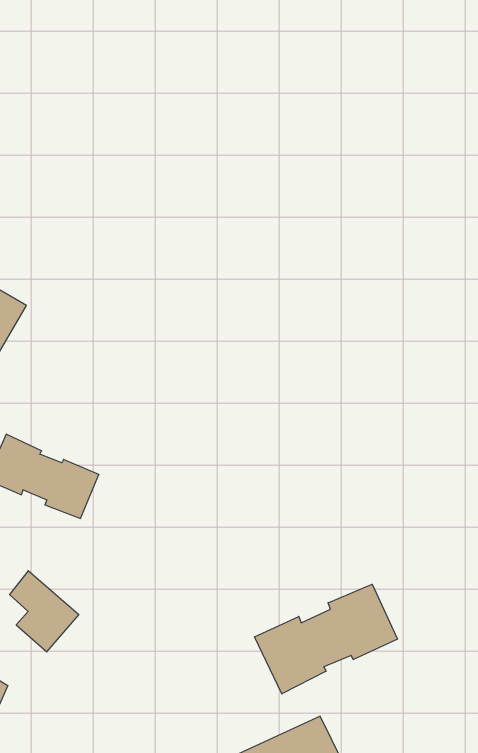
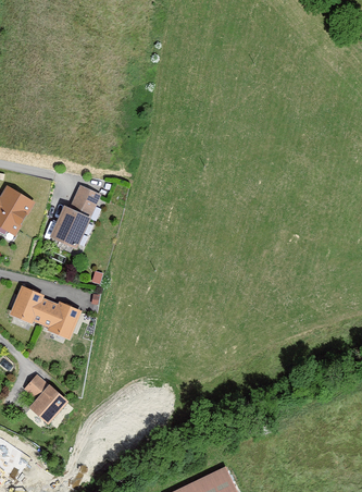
building: none -> [49,185,101,250]
building: [255,584,398,694] -> none

